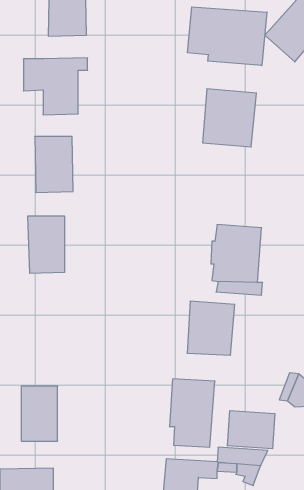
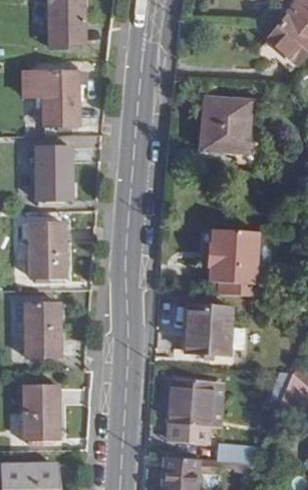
building: [188,7,267,66] -> none
building: none -> [27,302,62,357]
building: [227,411,275,449] -> none

